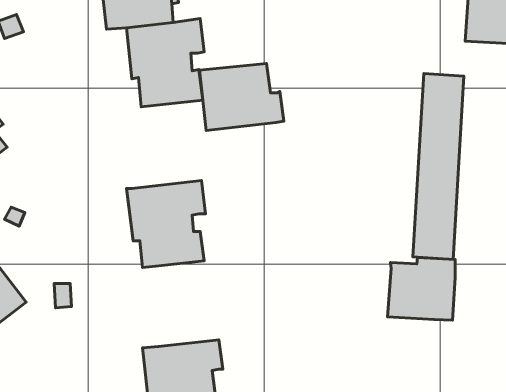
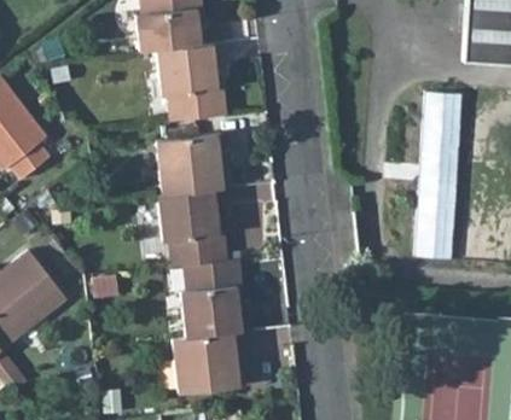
building: [199,63,284,130] -> [156,135,232,196]
building: [387,258,455,320] -> none
building: none -> [181,259,252,338]

